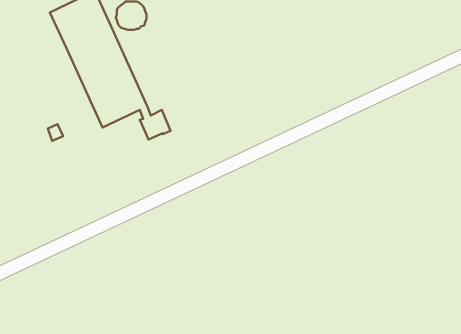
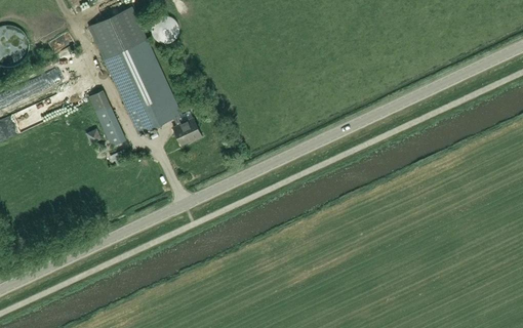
building: none -> [89,90,126,147]

